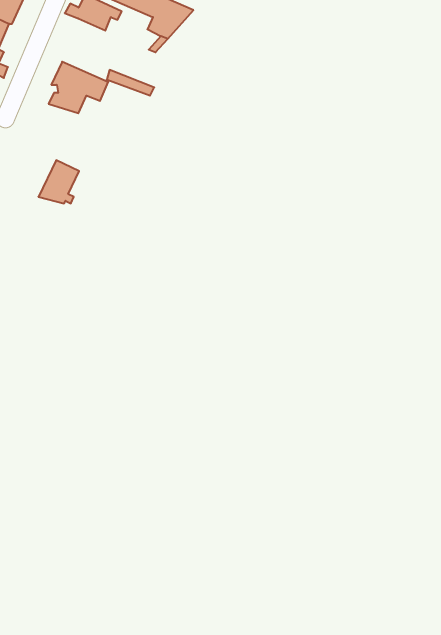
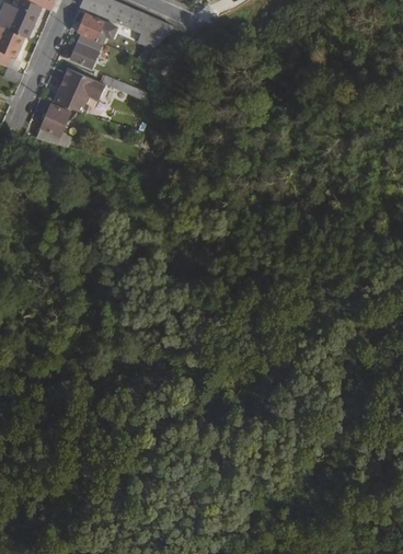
building: none -> [69,33,102,68]
building: [38,160,79,203] -> [35,103,68,138]

